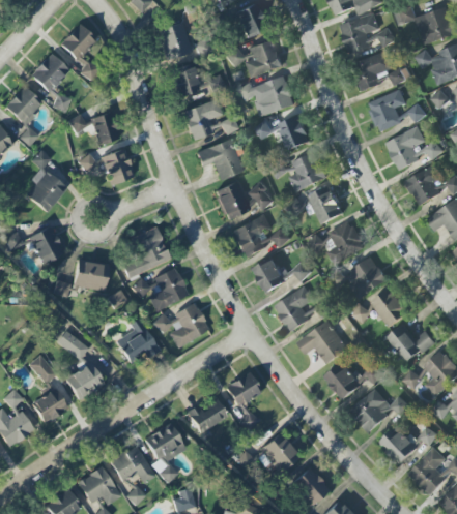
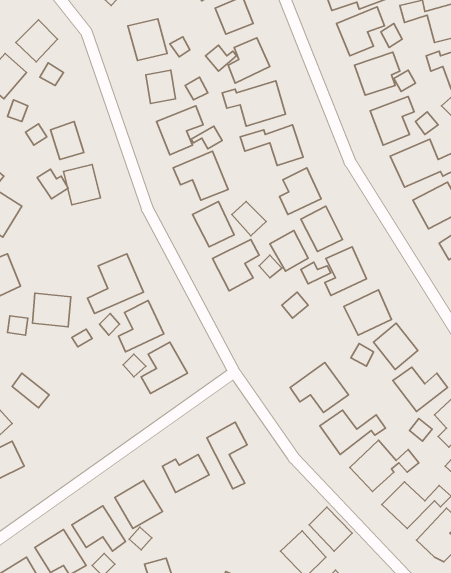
building: [253,259,286,294] -> [270,231,308,271]
building: [275,286,314,332] -> none
building: [116,318,161,363] -> none
building: [66,364,104,398] -> none
building: [262,433,299,472] -> [309,507,352,551]

